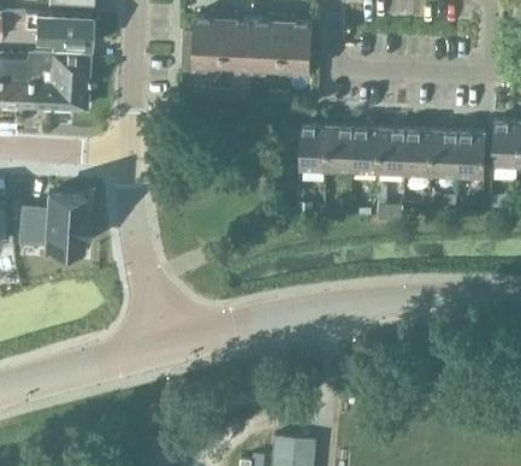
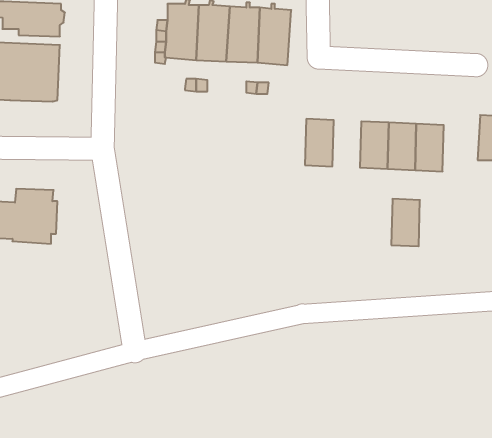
building: [300,125,327,171] -> none
building: [353,128,380,173] -> none
building: [458,132,486,178] -> [391,199,420,246]

